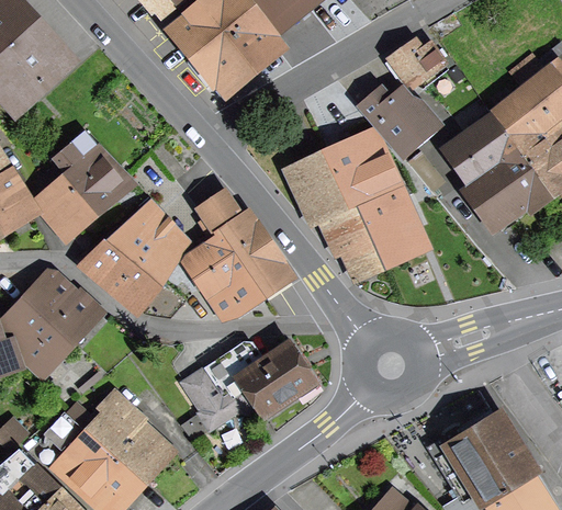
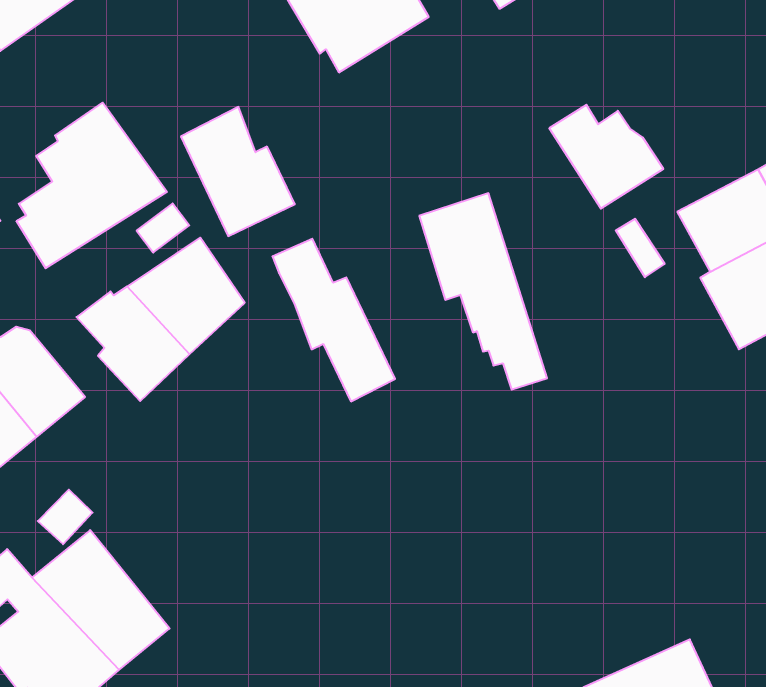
building: [392,44,448,90] -> none
building: [329,131,422,262] -> none
building: [187,238,262,318] -> [181,107,295,236]
building: [186,344,314,429] -> none

